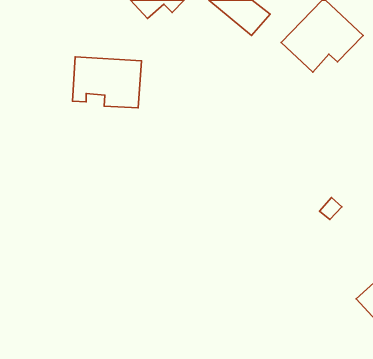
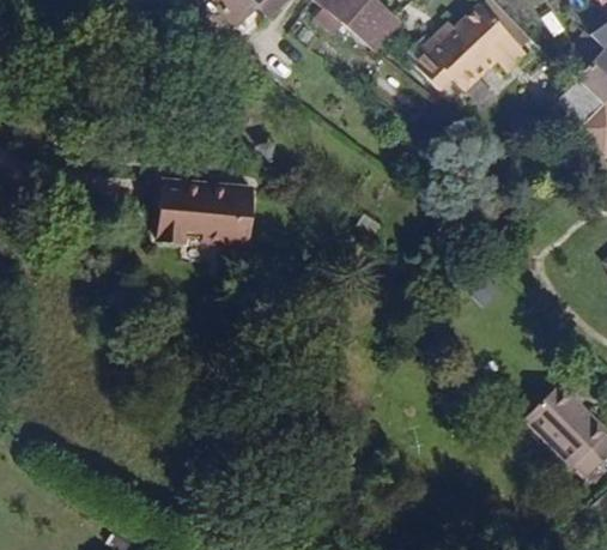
building: [72,57,141,108] -> [157,179,254,250]

